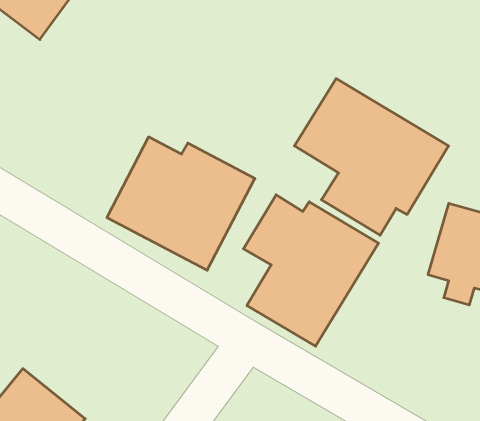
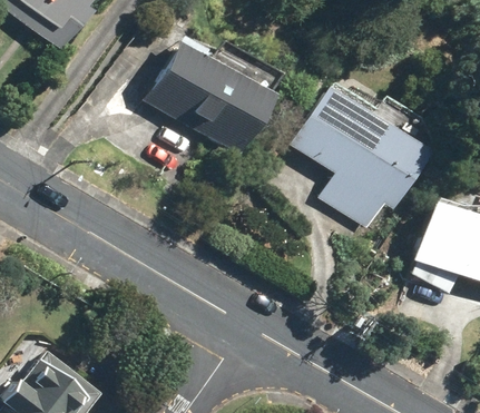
building: [107,137,255,270] -> [148,33,283,155]
building: [243,195,379,346] -> none

